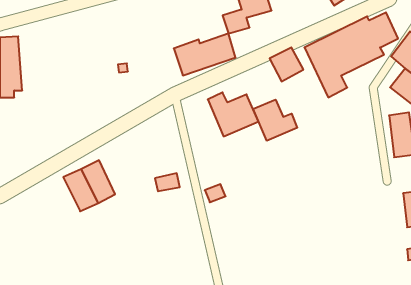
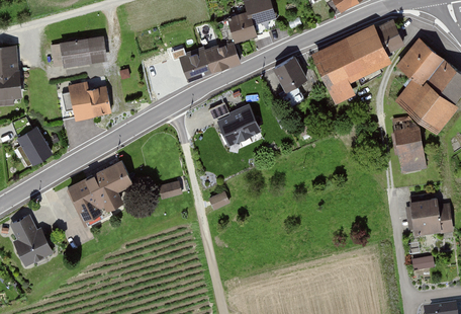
building: none -> [61,34,108,66]
building: none -> [69,81,111,119]
building: [253,100,297,141] -> none
building: none -> [16,124,53,163]
building: none -> [101,160,135,204]
building: none -> [9,215,54,268]

